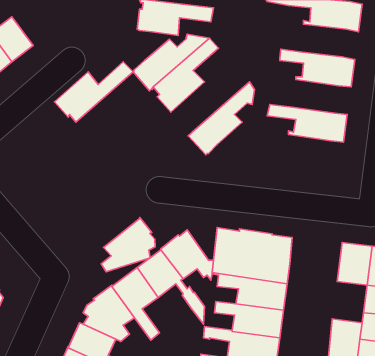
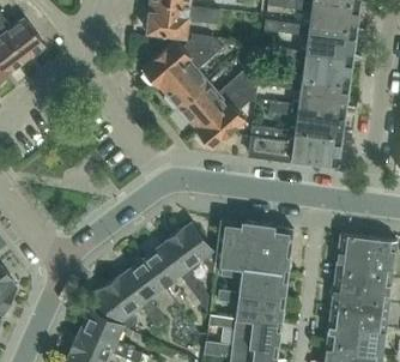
building: none -> [263,20,356,59]
building: [54,62,133,122] -> [176,71,251,128]
building: none -> [263,73,349,111]
building: none -> [248,126,341,164]
building: [101,217,155,272] -> none
building: none -> [331,271,364,310]

